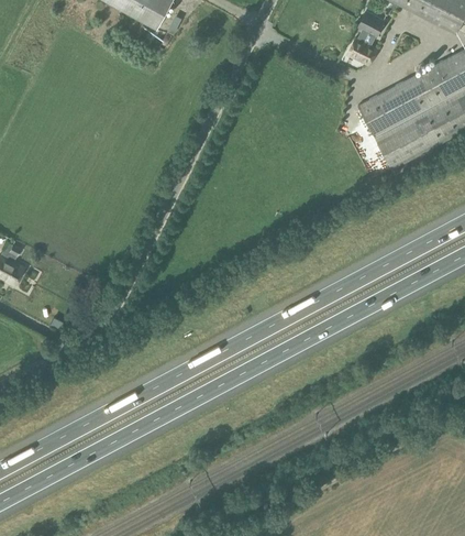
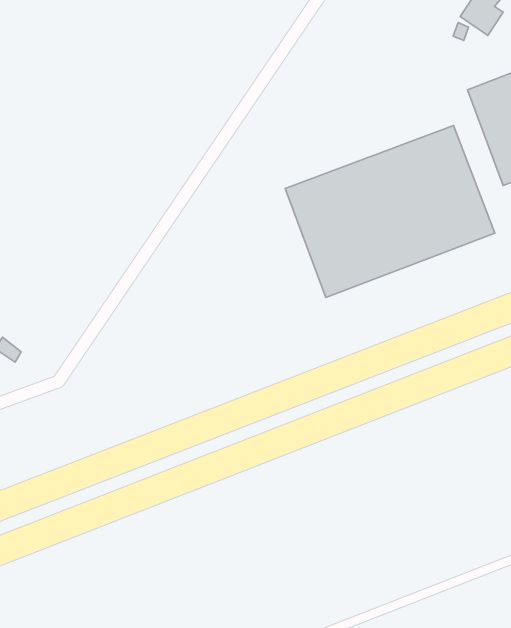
building: none -> [285,125,495,298]

